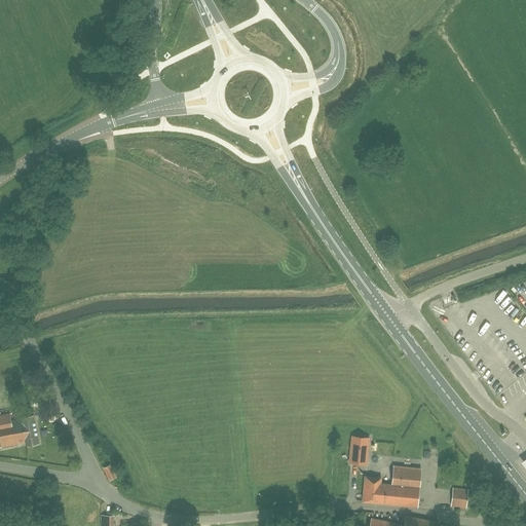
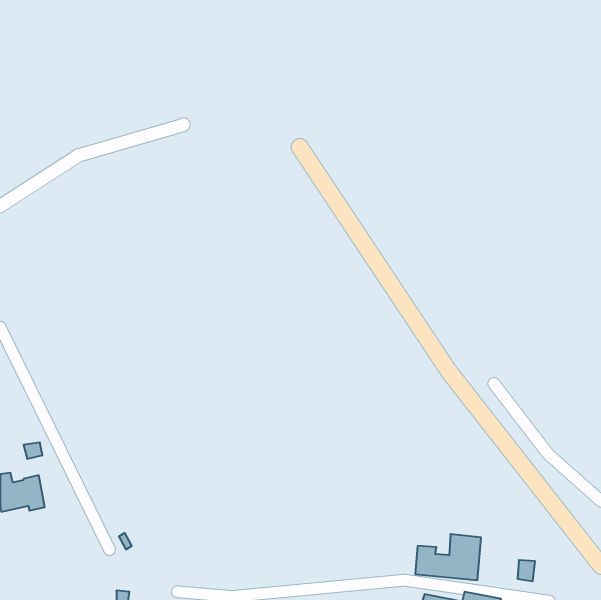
building: [349,438,369,464] -> none

